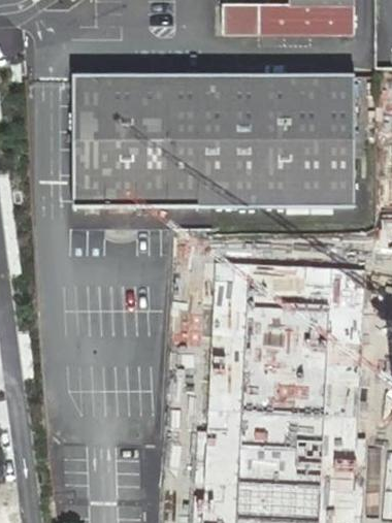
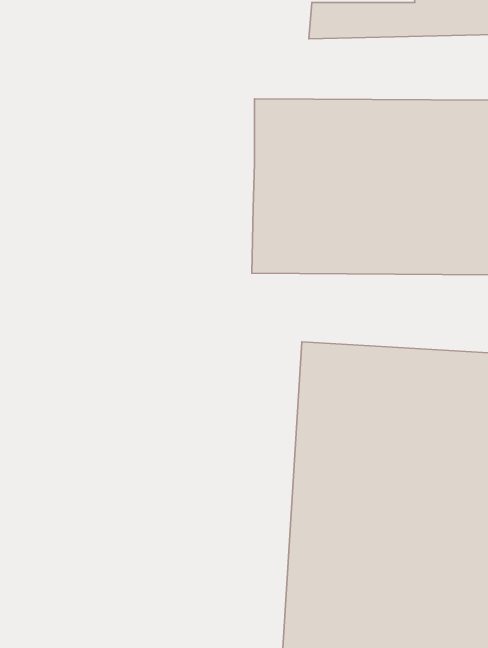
building: [85,74,191,204] -> none

